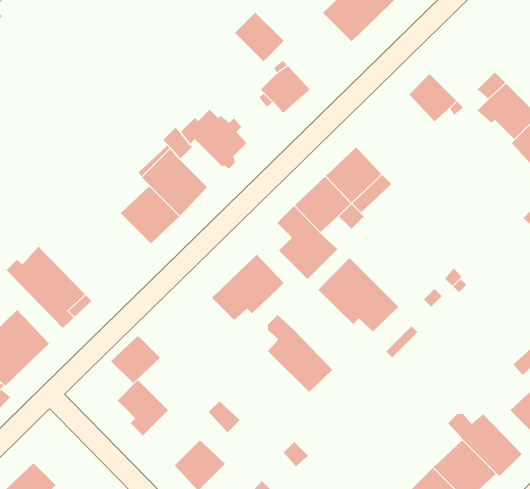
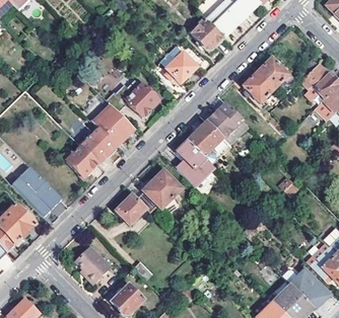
building: [234,12,285,62] -> [191,19,222,51]
building: none -> [243,70,274,101]
building: none -> [65,146,97,178]
building: [318,257,399,332] -> none
building: [267,314,333,393] -> none
building: [110,335,161,384] -> [115,193,146,224]

